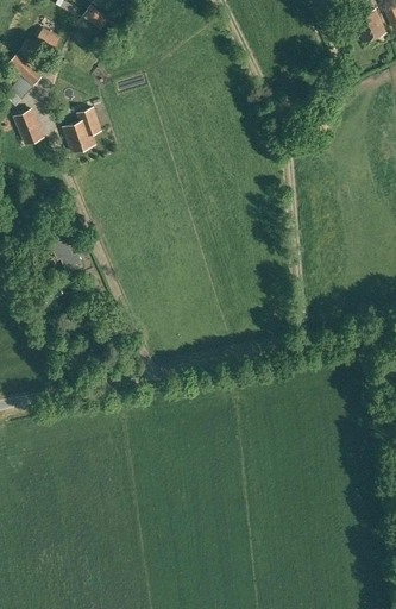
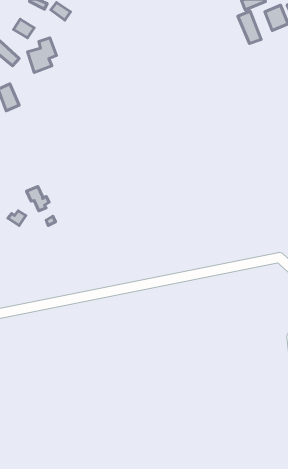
building: none -> [238,11,261,44]
building: [64,108,101,152] -> [28,38,56,72]

